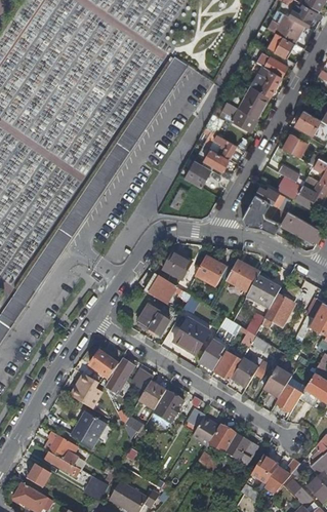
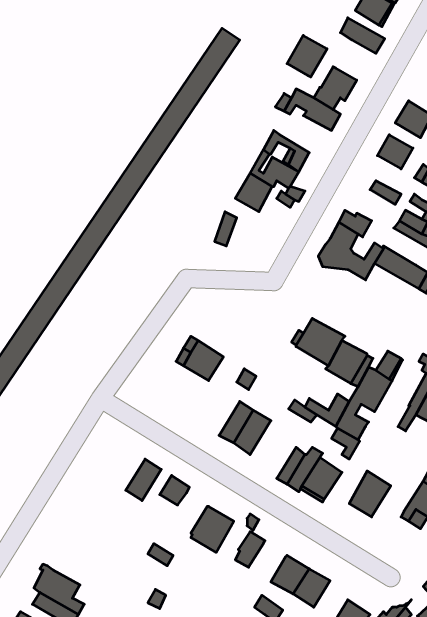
building: [253,67,281,95] -> [287,35,327,77]
building: [162,250,191,278] -> none
building: [195,255,226,285] -> none
building: [136,304,169,336] -> none
building: [198,339,223,369] -> none
building: [88,349,117,378] -> none
building: [69,375,103,409] -> none
building: [137,381,164,408] -> none
building: [275,384,300,411] -> none
building: [70,410,106,447] -> none
building: [191,416,218,444] -> none

